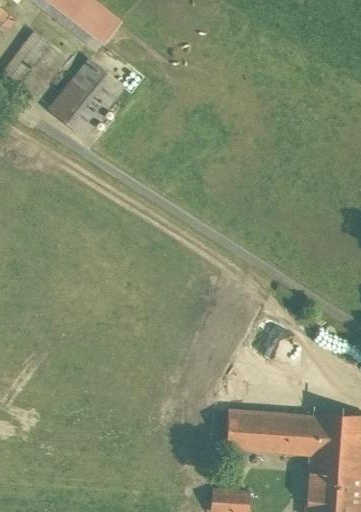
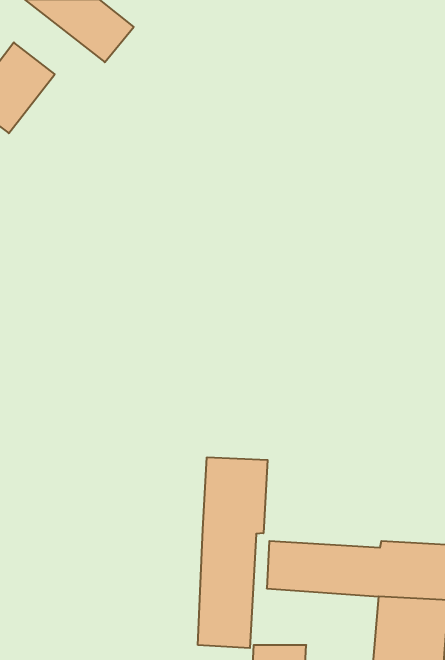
building: [50,59,124,136] -> none
building: none -> [198,457,268,648]

